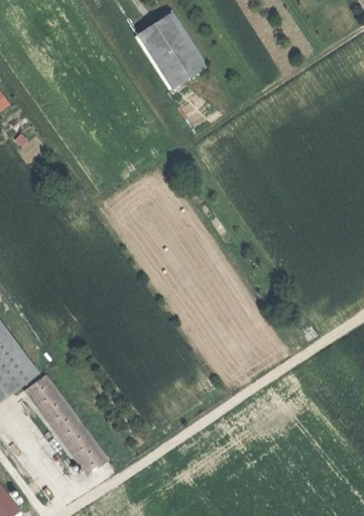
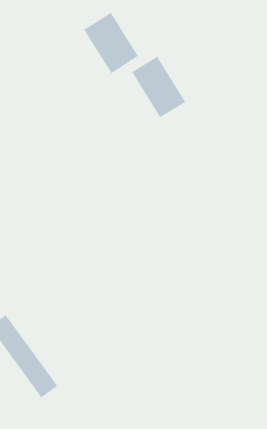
building: none -> [131,56,186,118]

